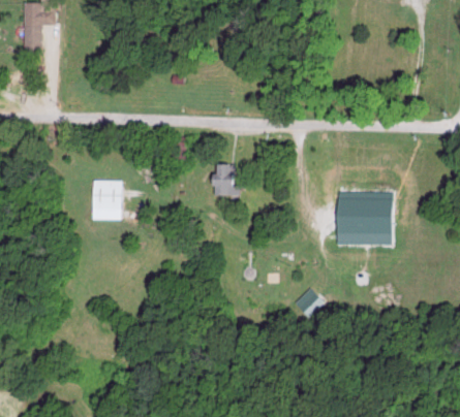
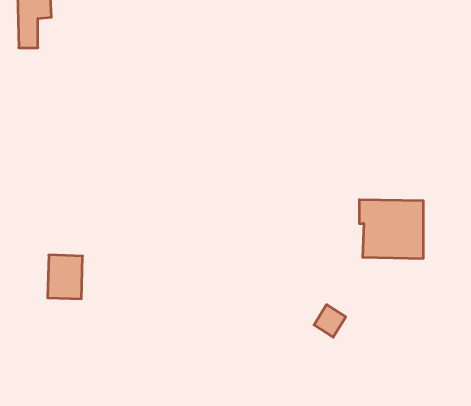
building: [210,164,238,195] -> none
building: [91,180,123,220] -> [48,255,83,299]

